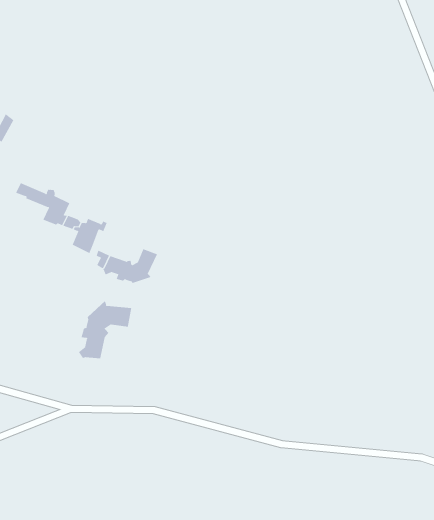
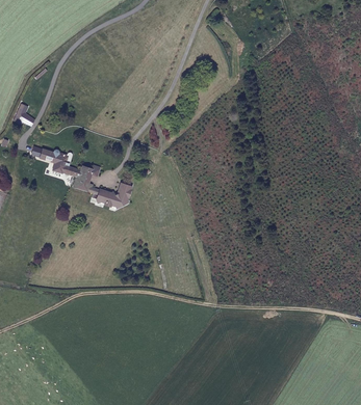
building: [78,300,132,359] -> none

